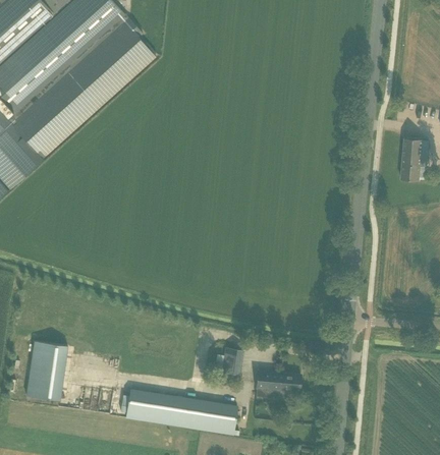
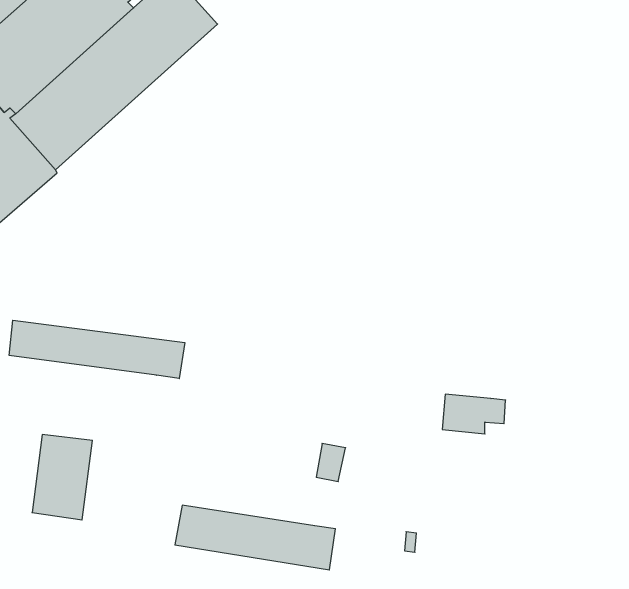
building: [400,138,426,180] -> none
building: none -> [9,320,185,379]
building: [256,371,299,398] -> [442,394,506,434]

